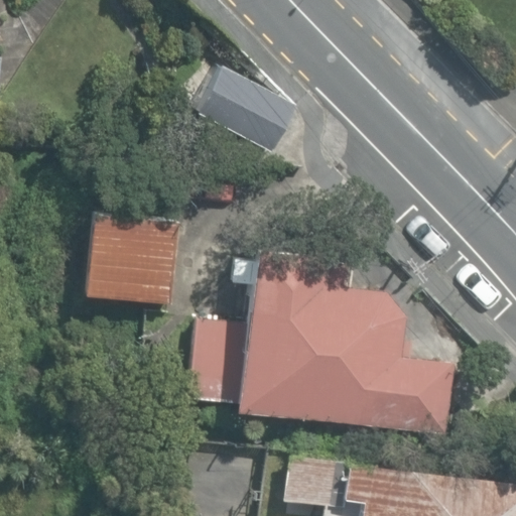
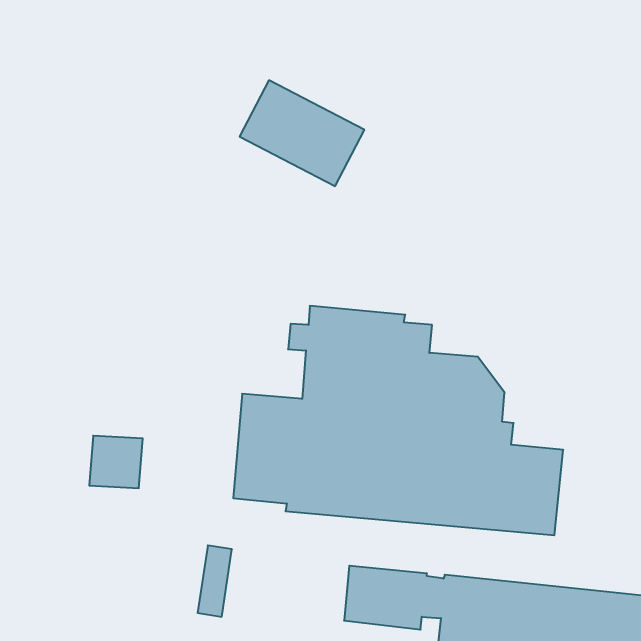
building: [89,219,182,308] -> none

